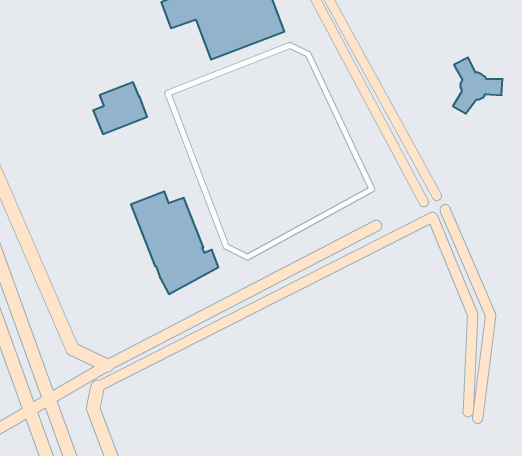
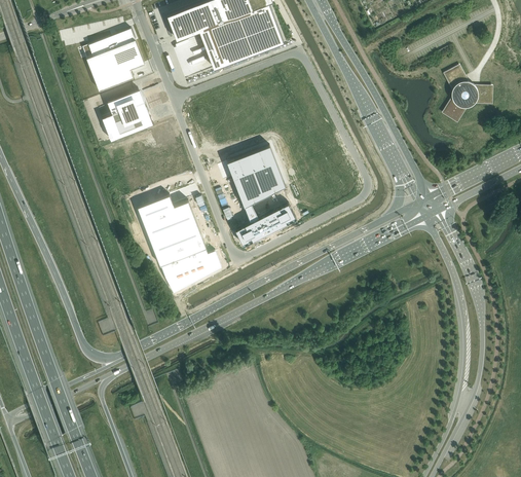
building: none -> [83,30,144,91]
building: none -> [226,146,295,246]

